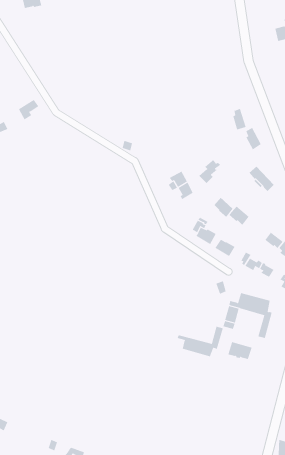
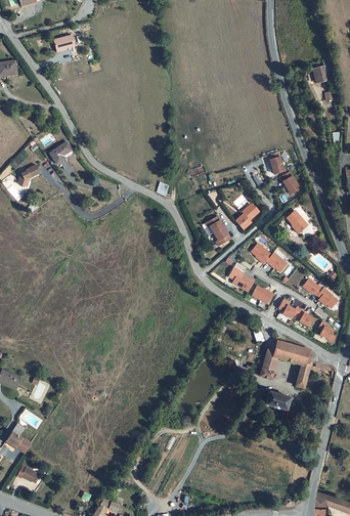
building: [177,326,223,357] -> none

